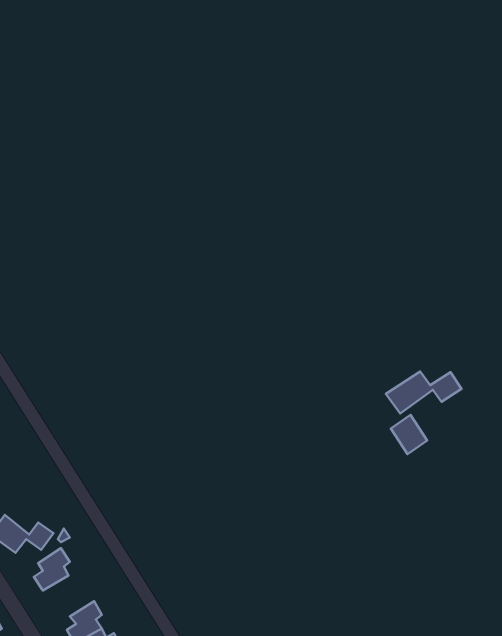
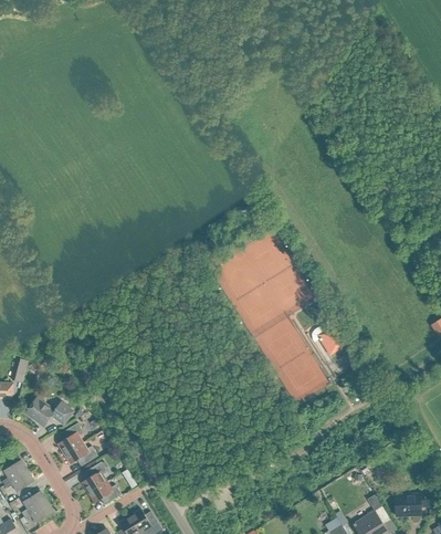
building: [386,372,462,413] -> none
building: none -> [64,442,98,467]

